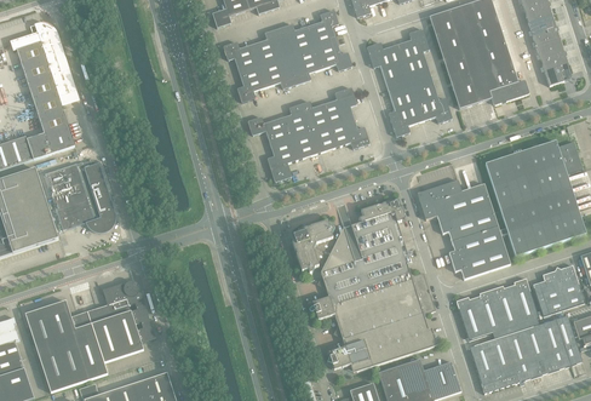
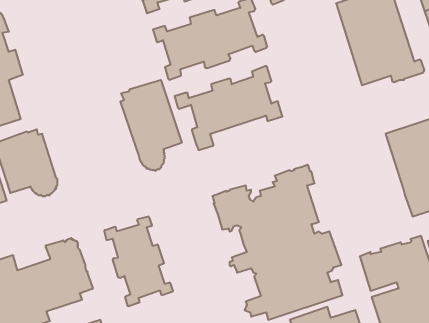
building: [366,28,451,136] -> none
building: none -> [120,80,182,171]
building: [417,179,510,279] -> none
building: none -> [104,216,173,306]

